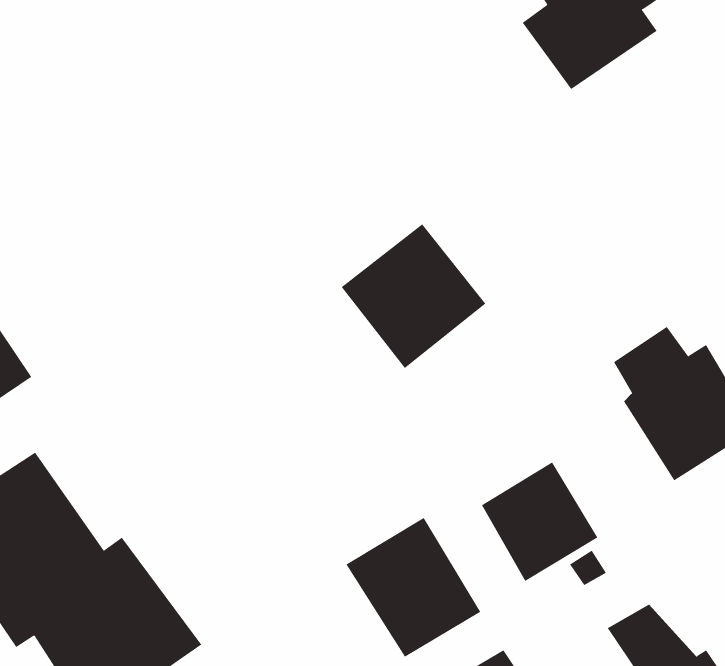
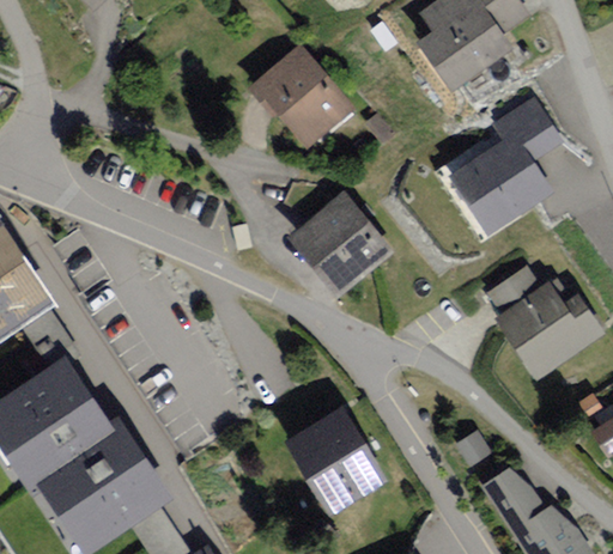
building: none -> [251,51,350,150]
building: none -> [431,99,560,245]
building: [481,462,598,582] -> none

